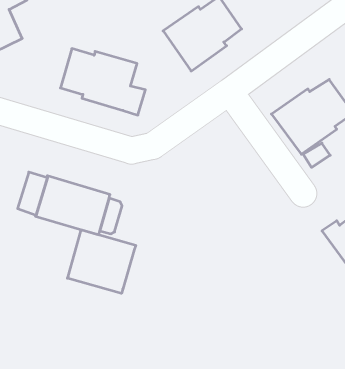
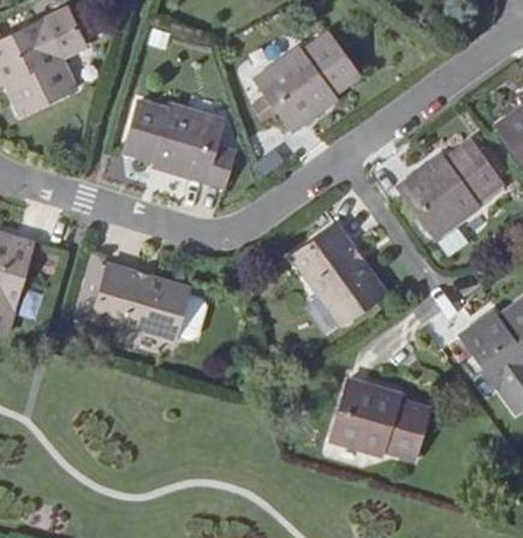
building: none -> [292,223,386,323]
building: [67,230,136,293] -> none
building: none -> [331,379,429,458]

